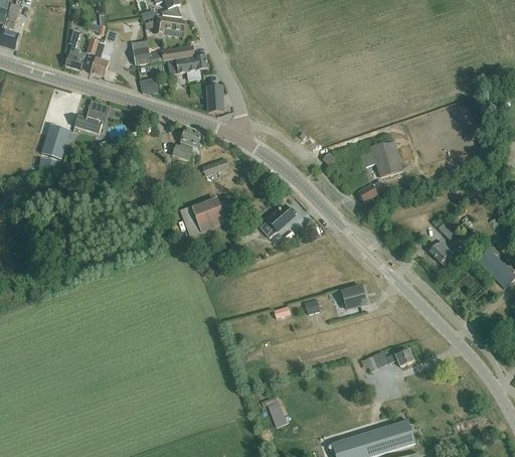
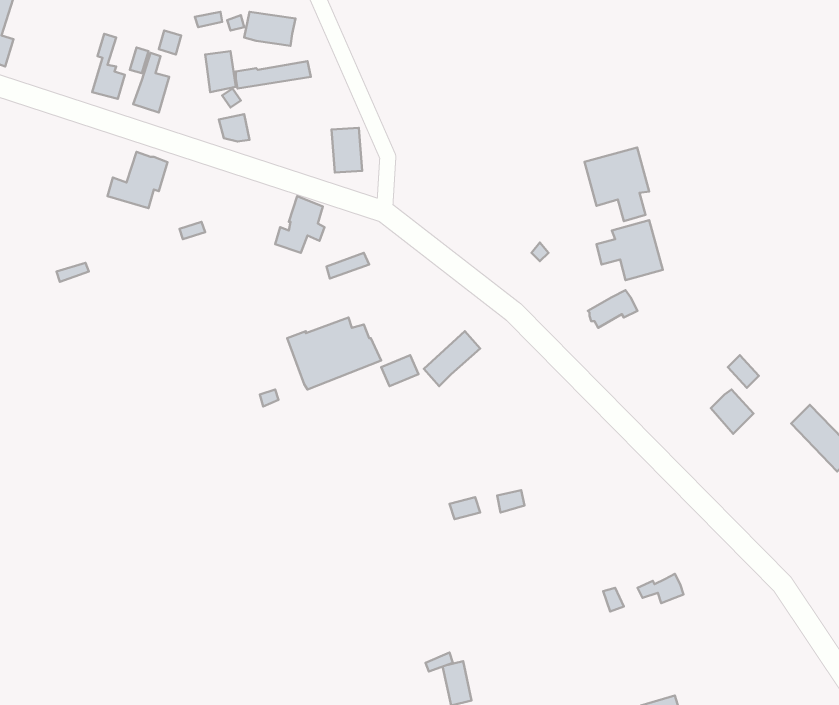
building: [167,54,208,80] -> none
building: none -> [584,148,649,221]
building: [41,124,71,159] -> none
building: [340,286,366,309] -> none

